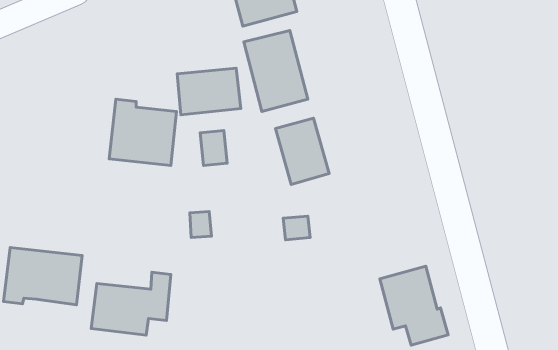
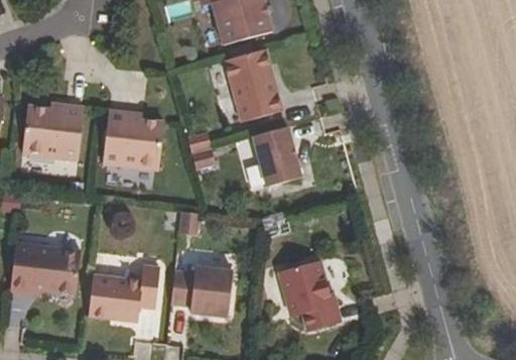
building: [177,68,241,115] -> none
building: none -> [22,105,85,160]
building: [380,266,448,345] -> [279,260,341,331]
building: none -> [170,267,233,317]

